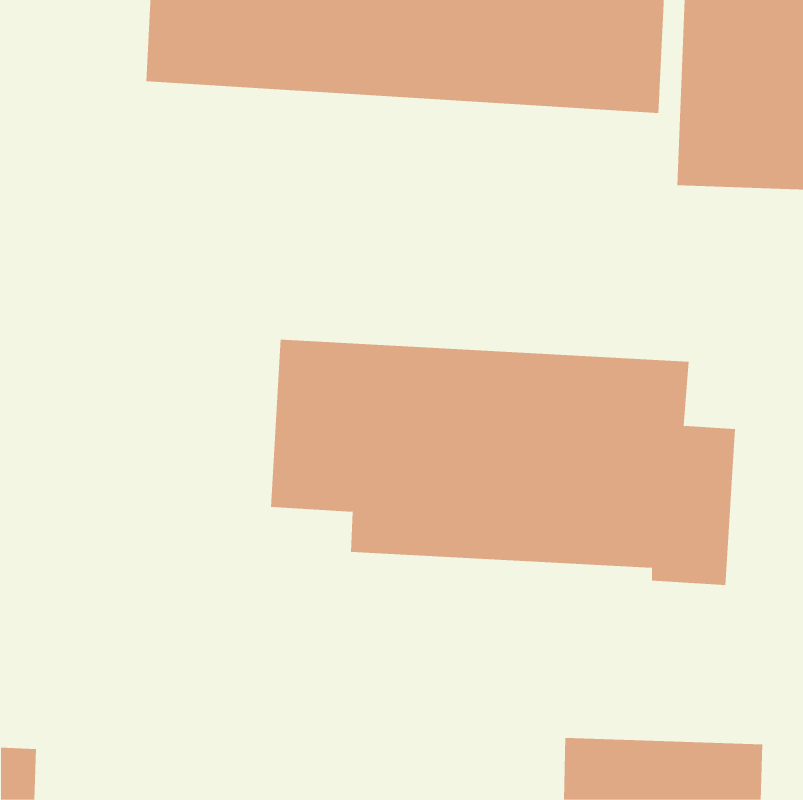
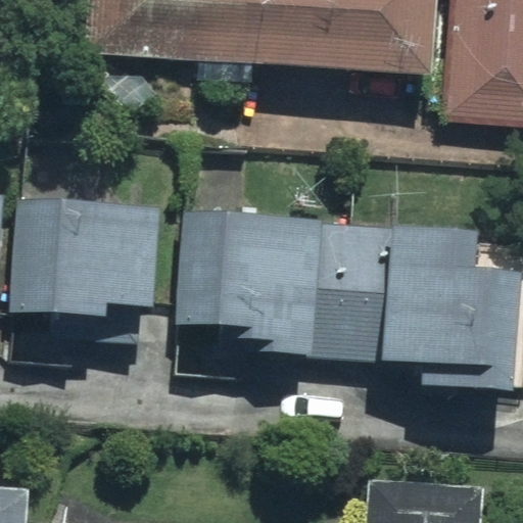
building: none -> [17,195,153,320]

